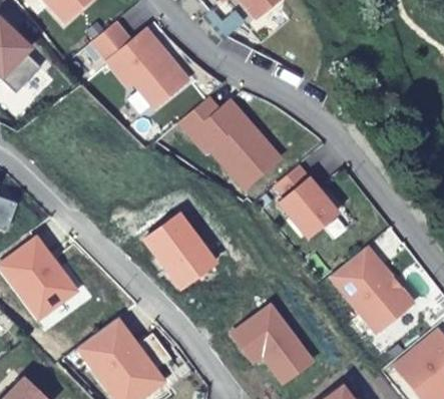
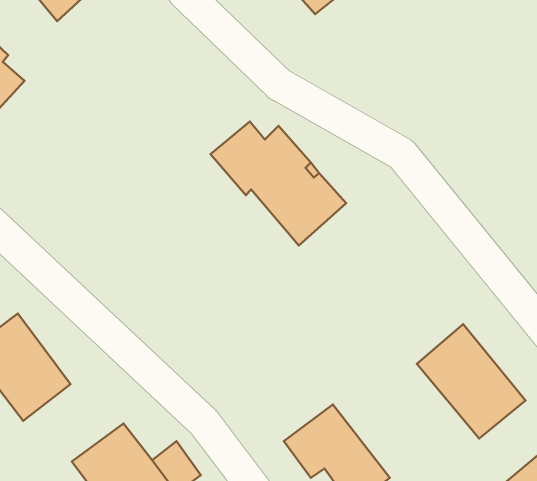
building: [93,22,187,106] -> none
building: [276,166,337,236] -> none
building: [146,214,215,286] -> none

